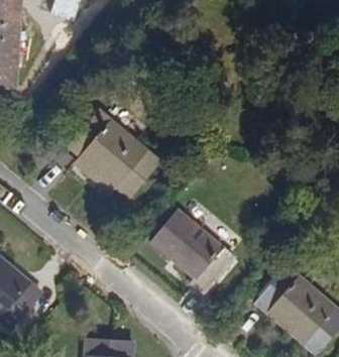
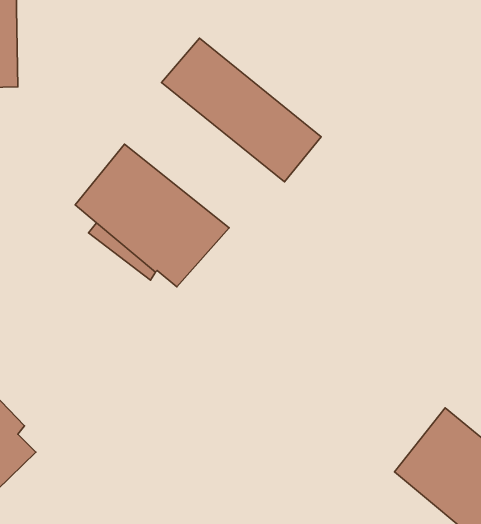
building: none -> [162,38,321,182]
building: [150,212,235,299] -> none

